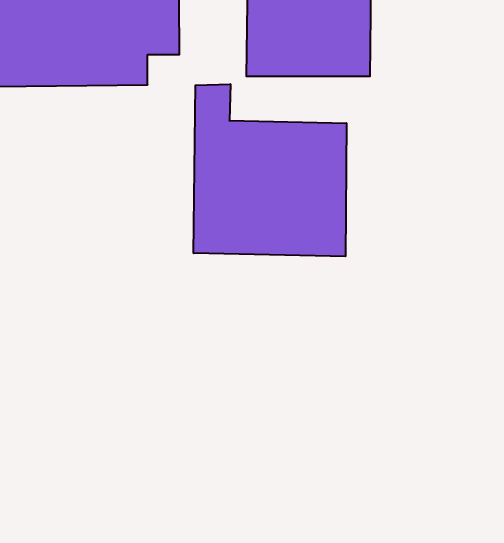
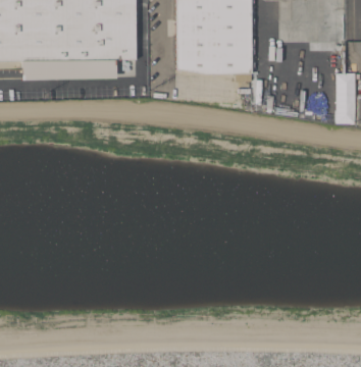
building: [194,84,346,256] -> none

